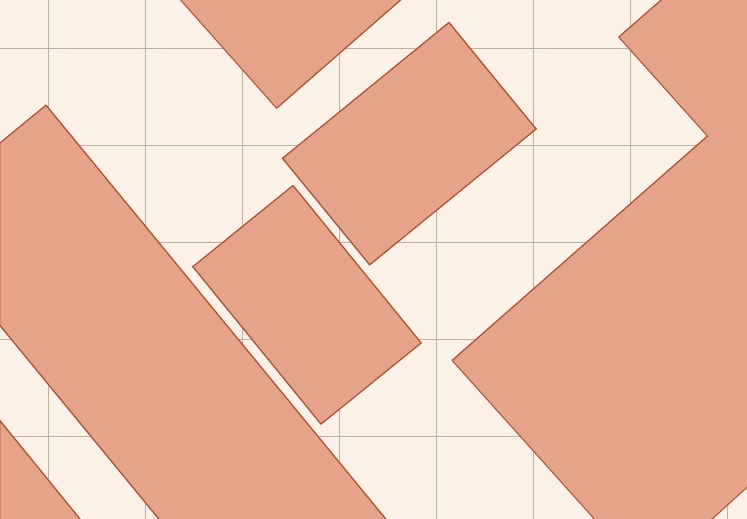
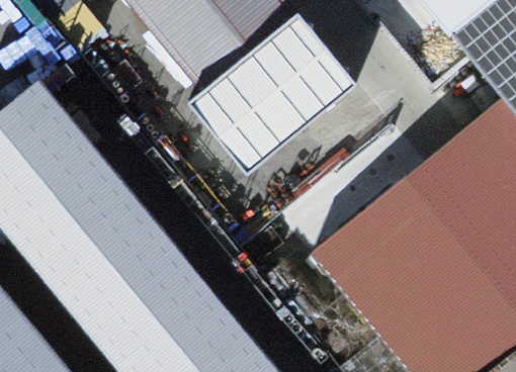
building: [193,186,421,424] -> none

